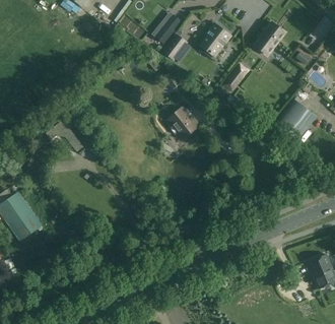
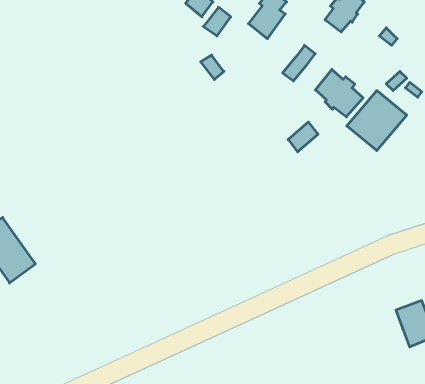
building: none -> [315,69,363,117]
building: [164,105,199,140] -> none
building: [46,119,84,150] -> none

